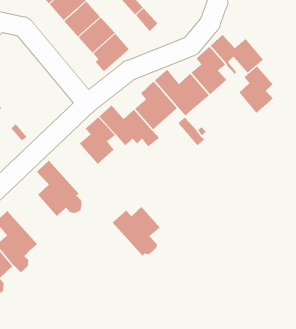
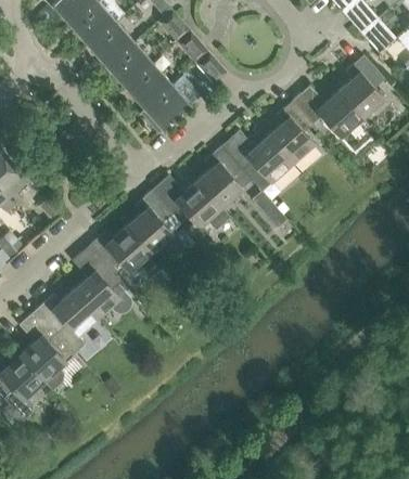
building: [238,65,273,114] -> [340,56,384,118]
building: none -> [36,290,99,353]
building: [112,206,160,257] -> [89,225,151,289]

